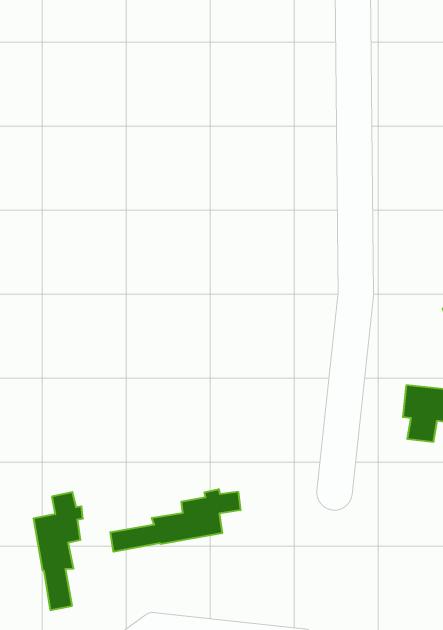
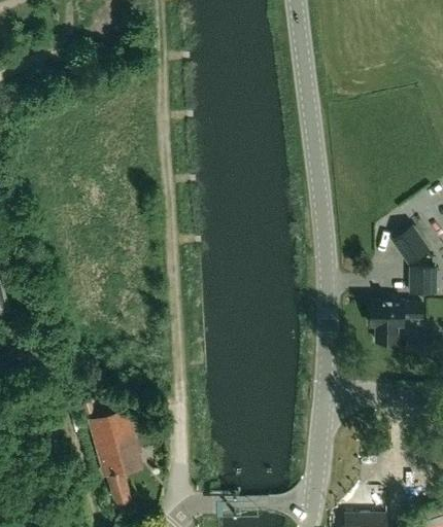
building: [110,489,240,552] -> none

